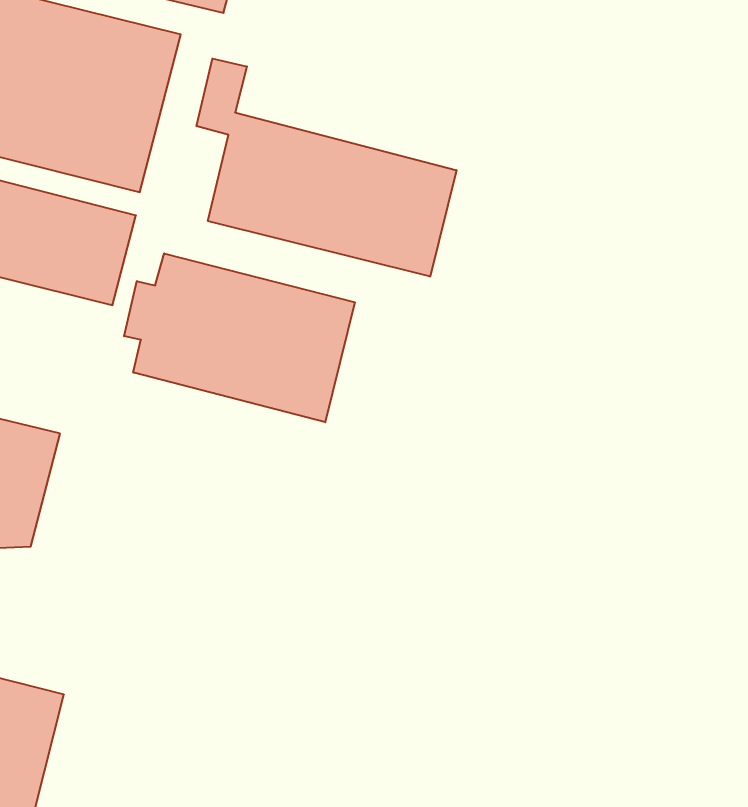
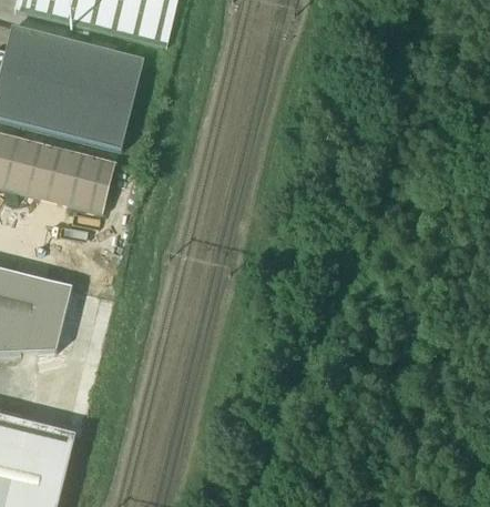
building: [197,59,456,277] -> none
building: [124,253,355,422] -> none

